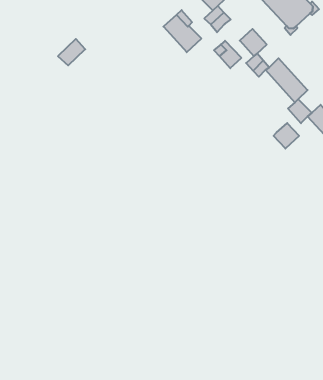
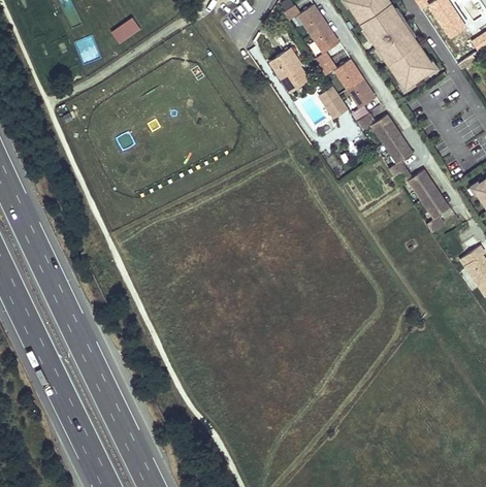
building: none -> [334,59,363,89]
building: [58,39,85,65] -> [109,18,139,44]
building: [274,123,299,149] -> none

